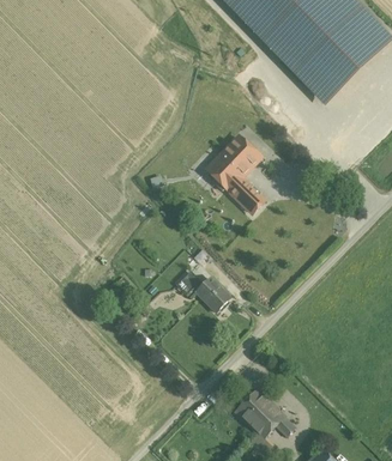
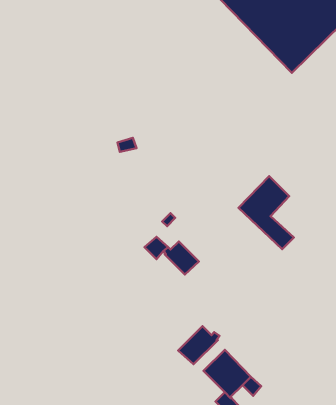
building: [209,137,265,211] -> [239,176,294,249]
building: none -> [178,326,219,364]

